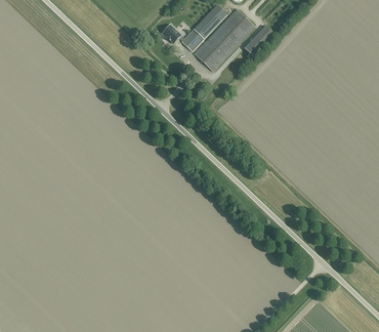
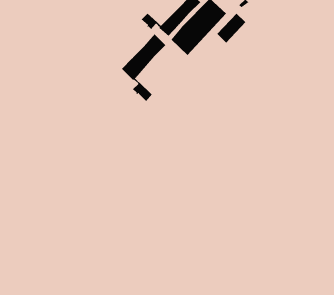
building: none -> [121,34,166,102]

